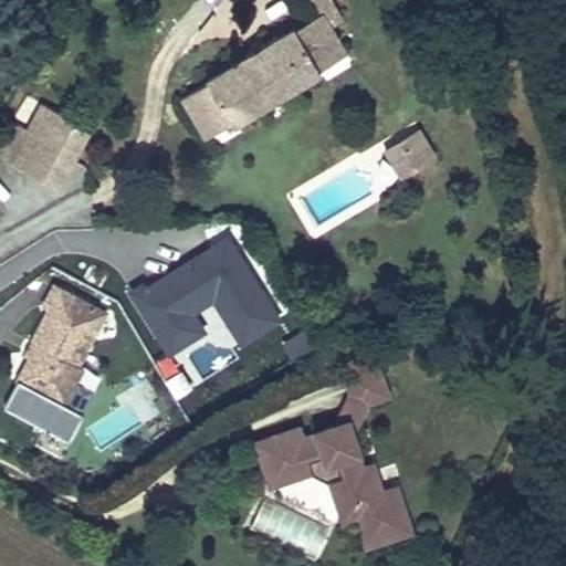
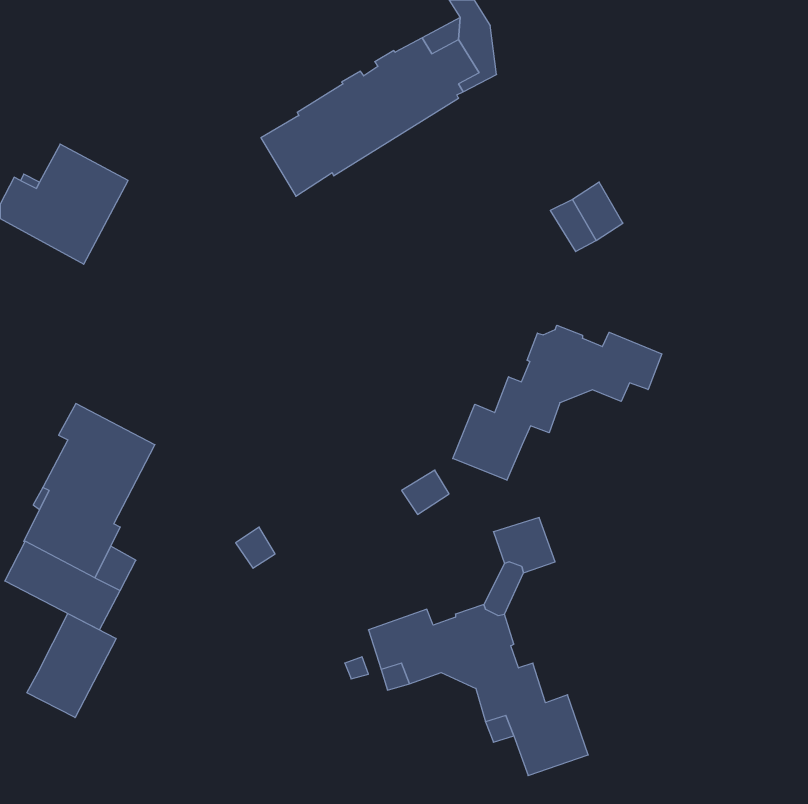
building: none -> [453,325,662,480]
building: [127,235,283,357] -> none
building: none -> [27,614,116,718]

